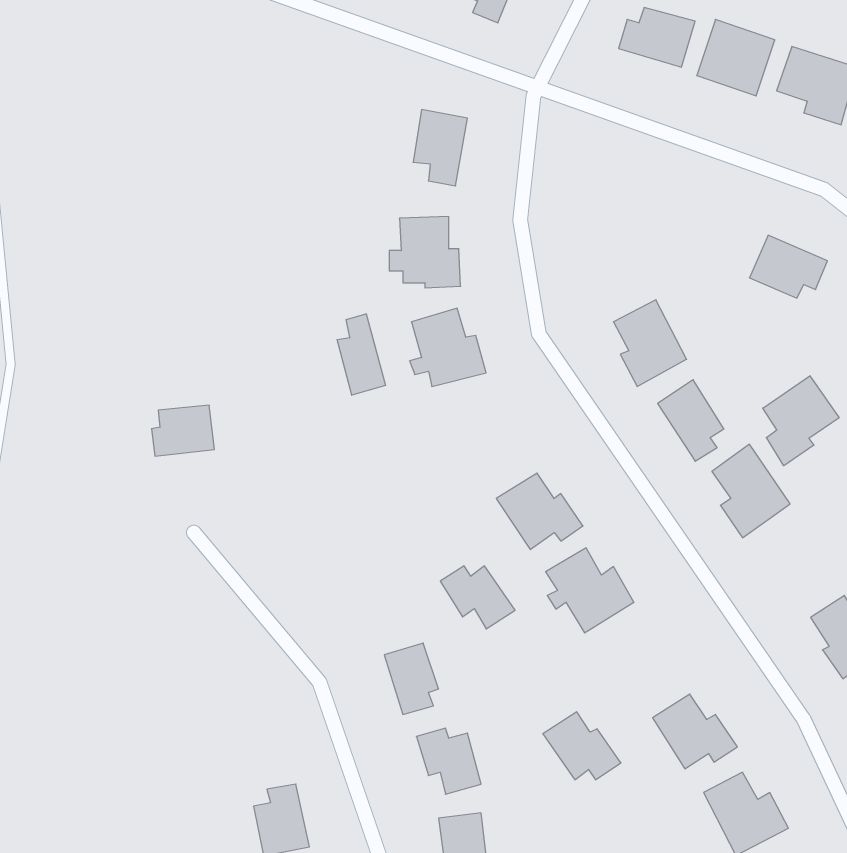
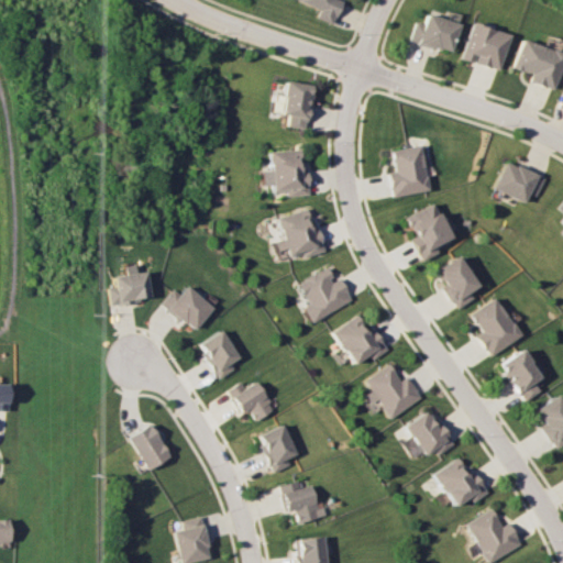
building: none -> [393,146,432,196]
building: [337,314,386,395] -> none
building: [763,376,839,466] -> none
building: none -> [300,267,354,321]
building: none -> [165,286,216,331]
building: none -> [200,330,241,379]
building: none -> [503,350,548,401]
building: [440,566,515,629] -> [229,382,277,422]
building: none -> [131,424,173,471]
building: [543,712,621,780] -> [406,411,456,455]

